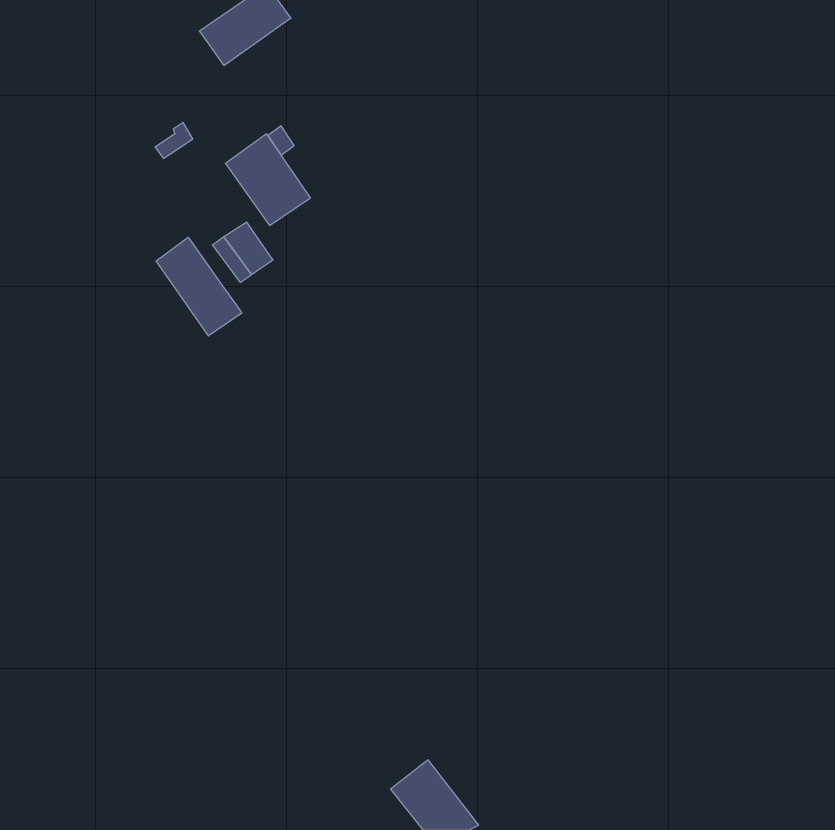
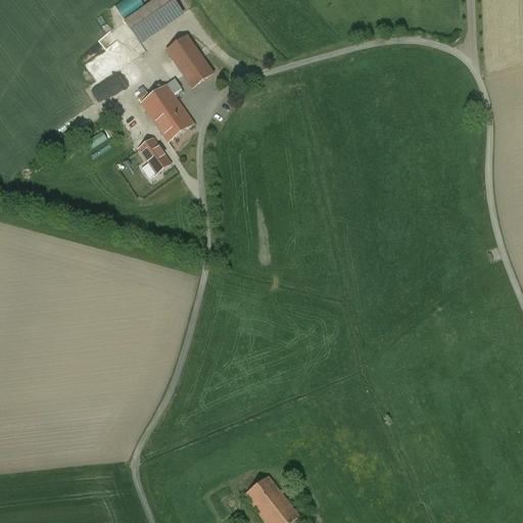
building: none -> [167,35,213,87]
building: [156,237,242,336] -> none

